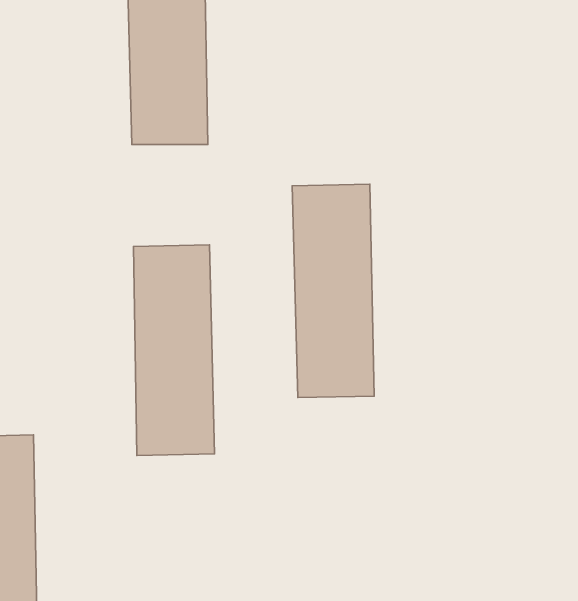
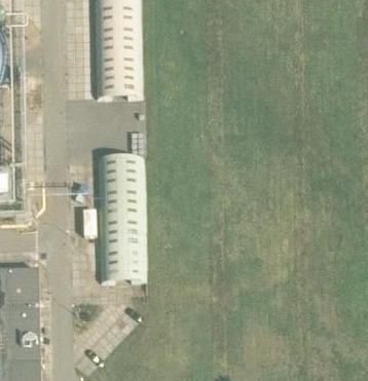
building: [292,184,374,398] -> none

